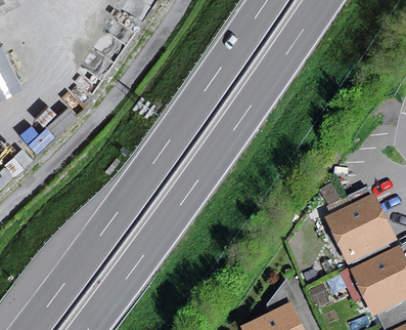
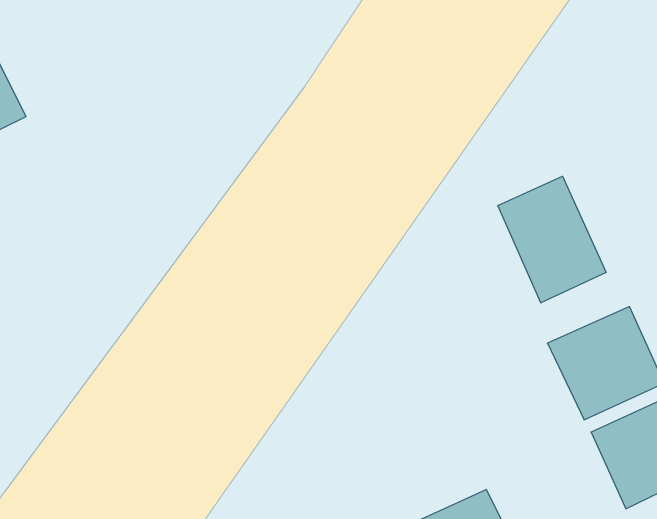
building: none -> [498,176,606,303]

